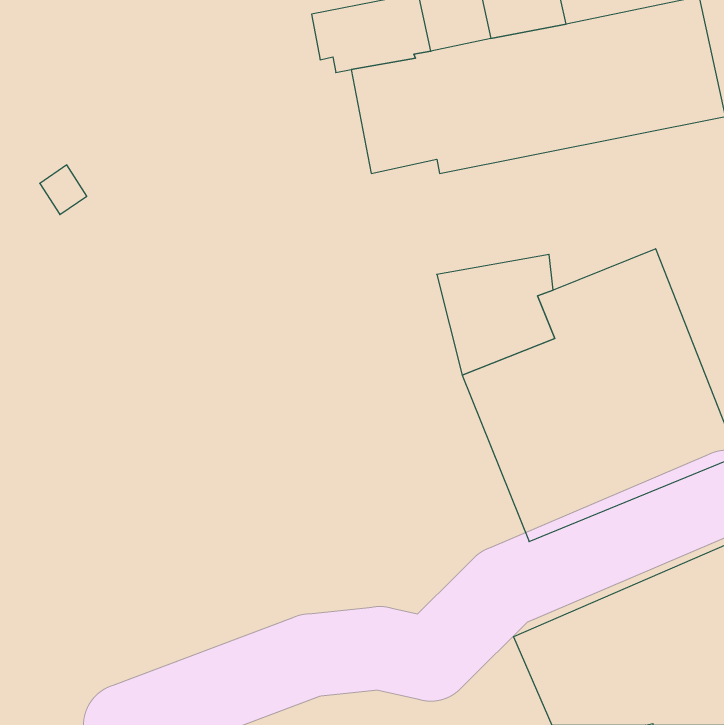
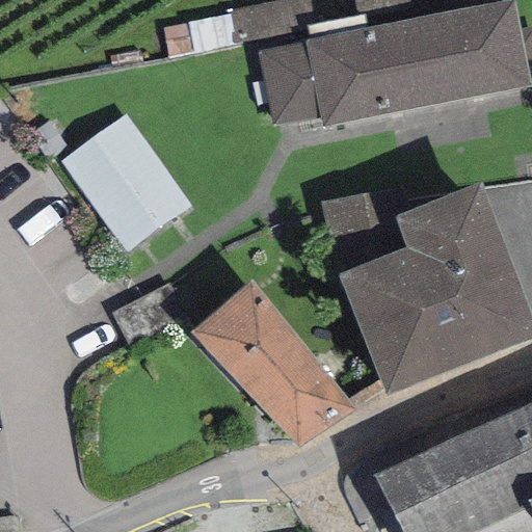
building: none -> [62,114,192,251]
building: none -> [191,281,357,448]

